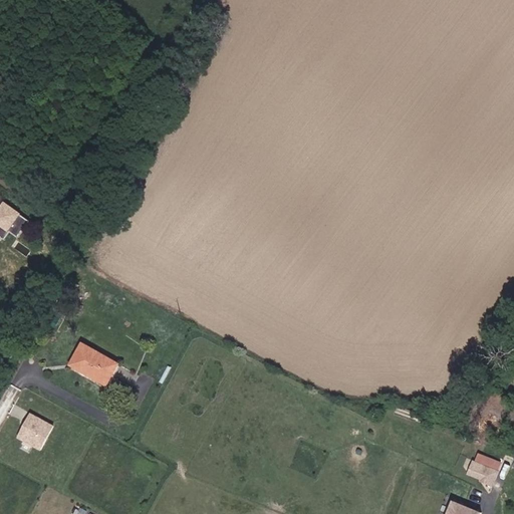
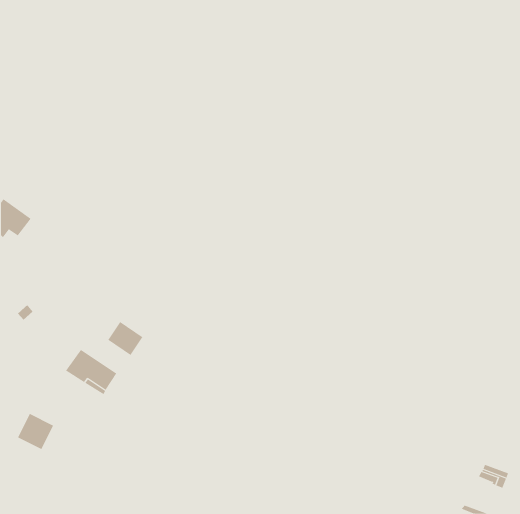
building: none -> [107,321,143,356]

